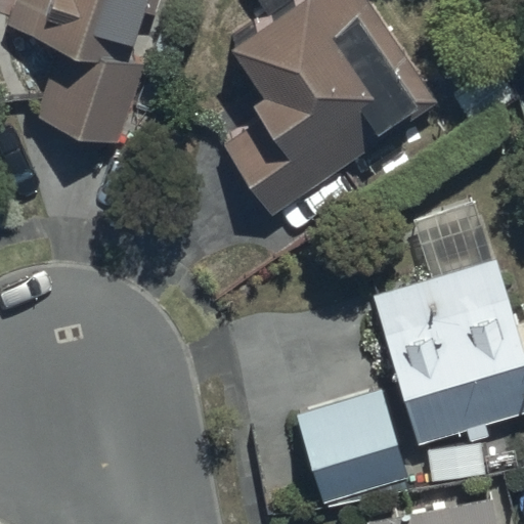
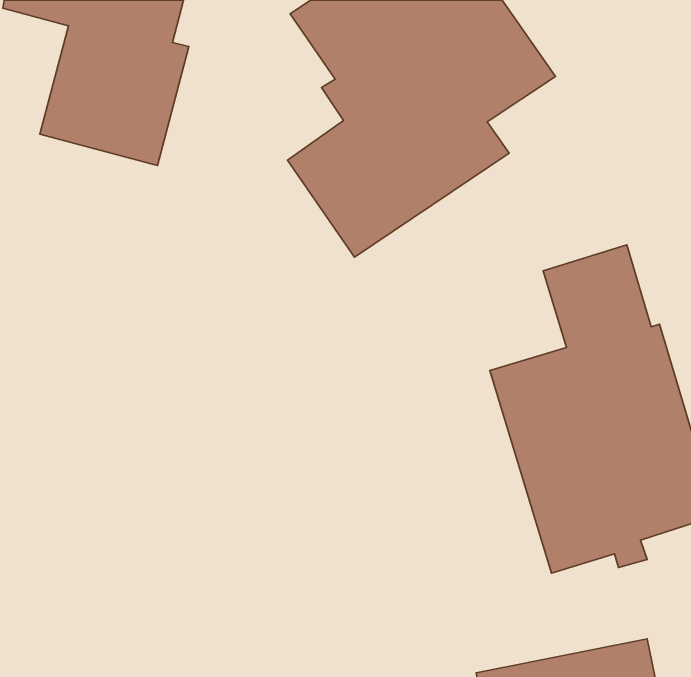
building: [296,384,408,501] -> none

